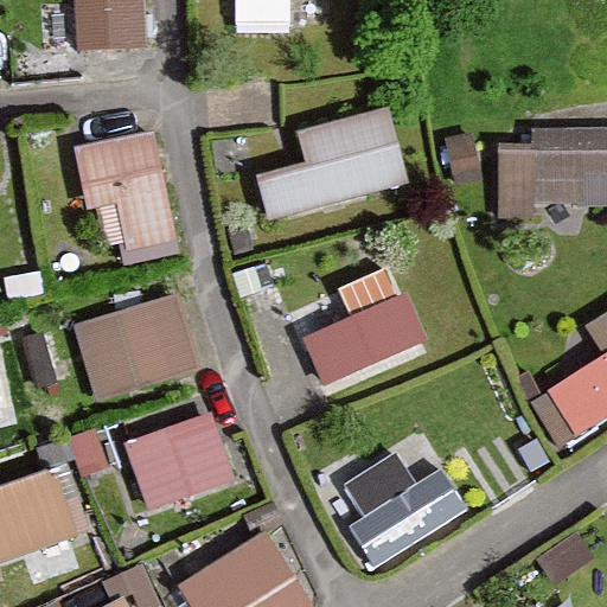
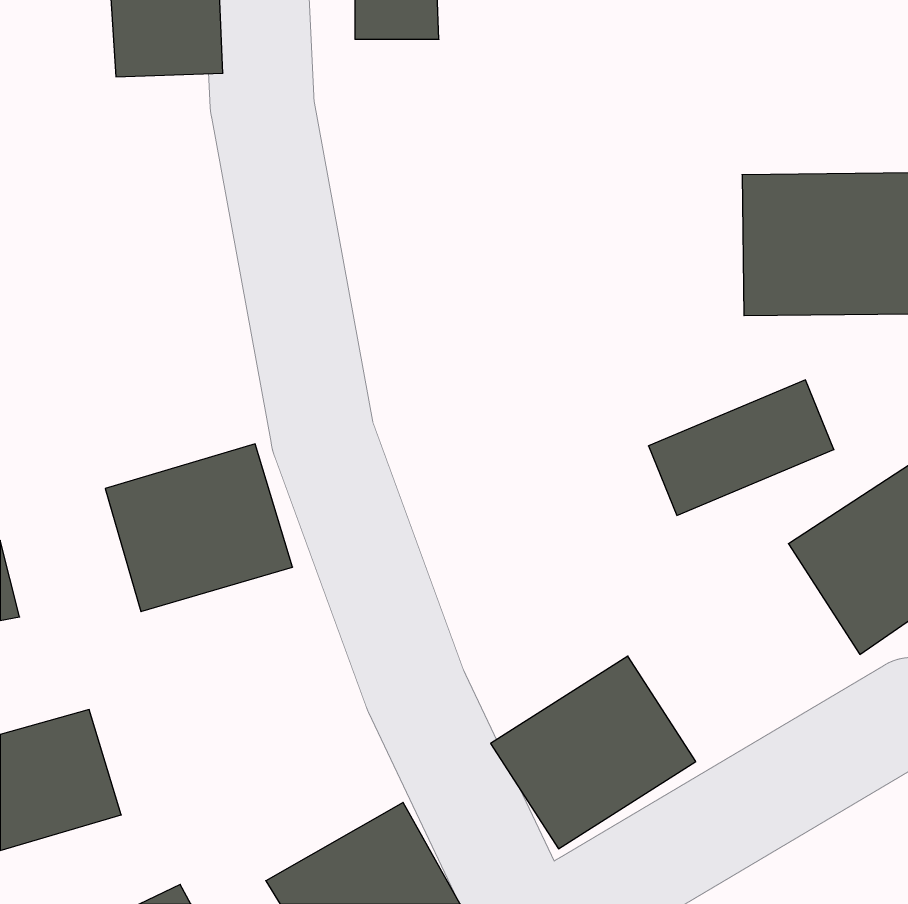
building: [258,108,408,219] -> none
building: [68,135,168,256] -> none
building: [307,295,430,385] -> [648,380,834,515]
building: [117,410,229,509] -> none

